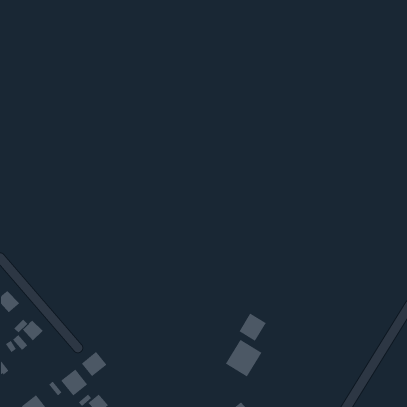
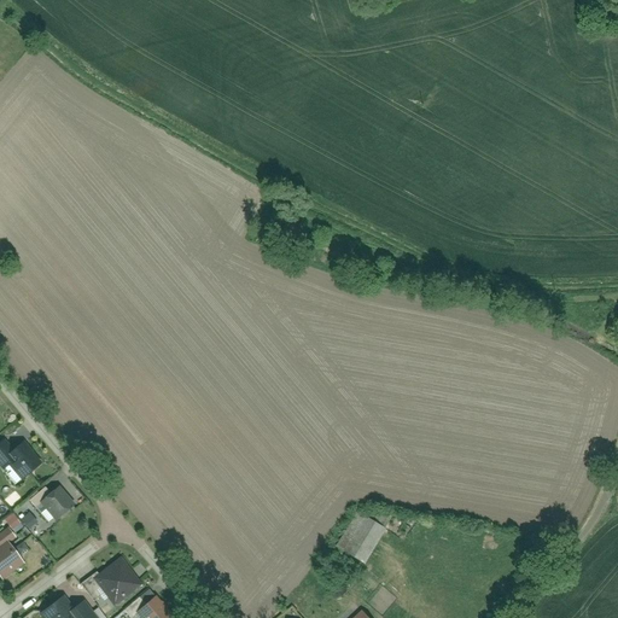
building: [238,313,267,342] -> none
building: [81,351,107,377] -> none

